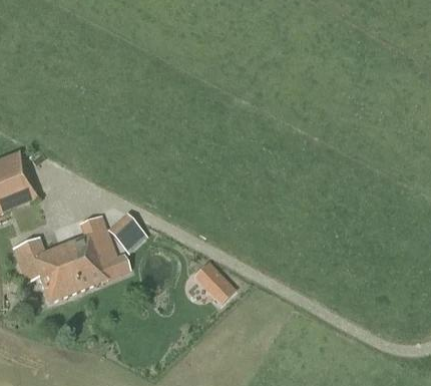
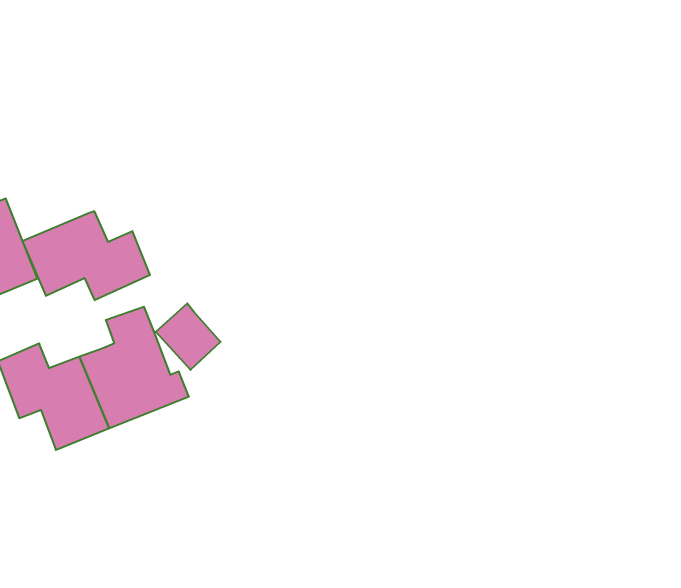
building: none -> [23,211,150,300]
building: [194,262,235,303] -> none

